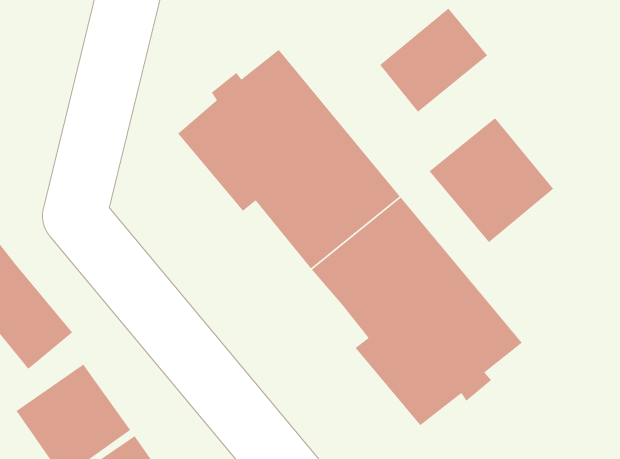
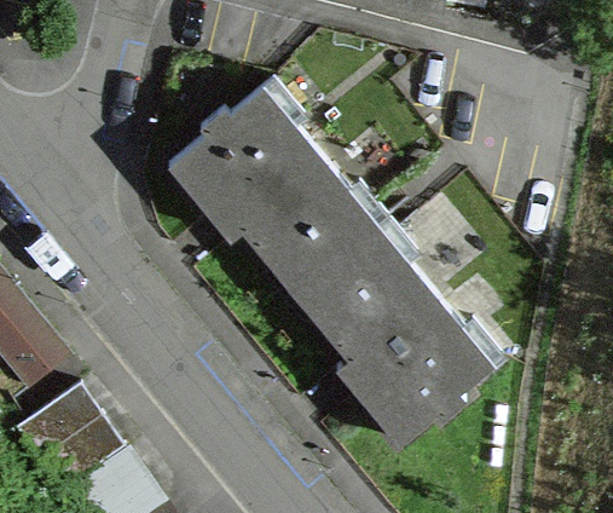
building: [379,8,488,113] -> none
building: [429,117,554,243] -> none

